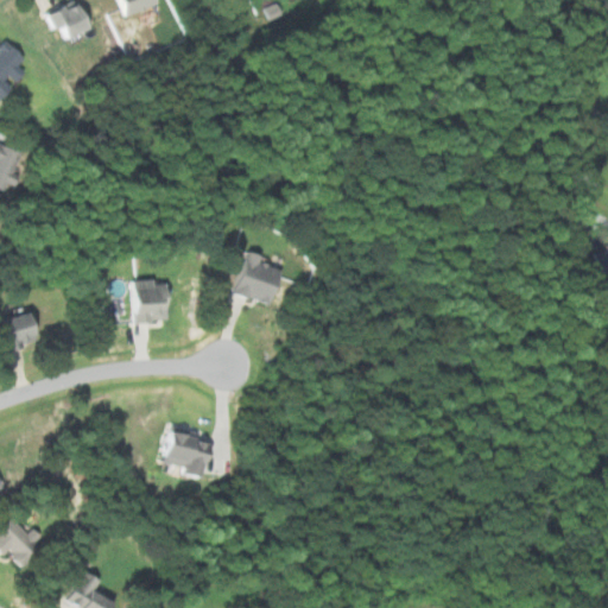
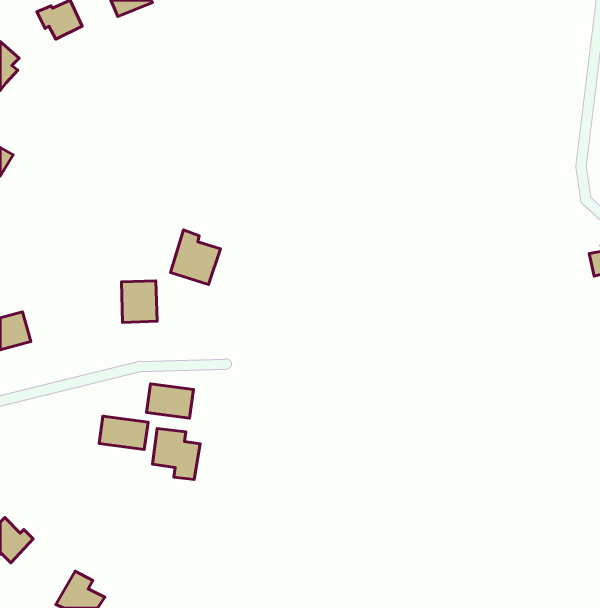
building: [233,251,283,305] -> [170,230,220,285]
building: none -> [147,384,193,418]
building: none -> [99,416,148,450]

